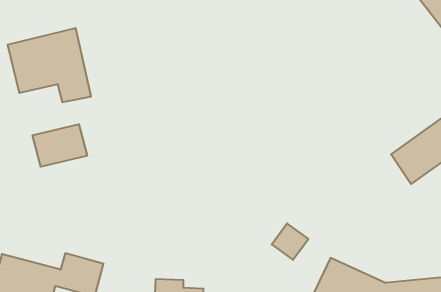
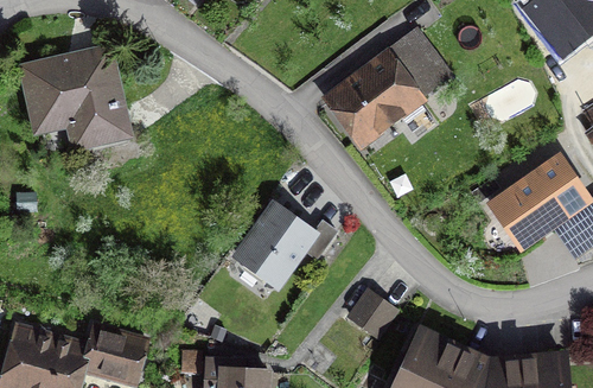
building: none -> [329,34,447,140]
building: [32,124,87,167] -> none
building: none -> [237,206,312,284]

